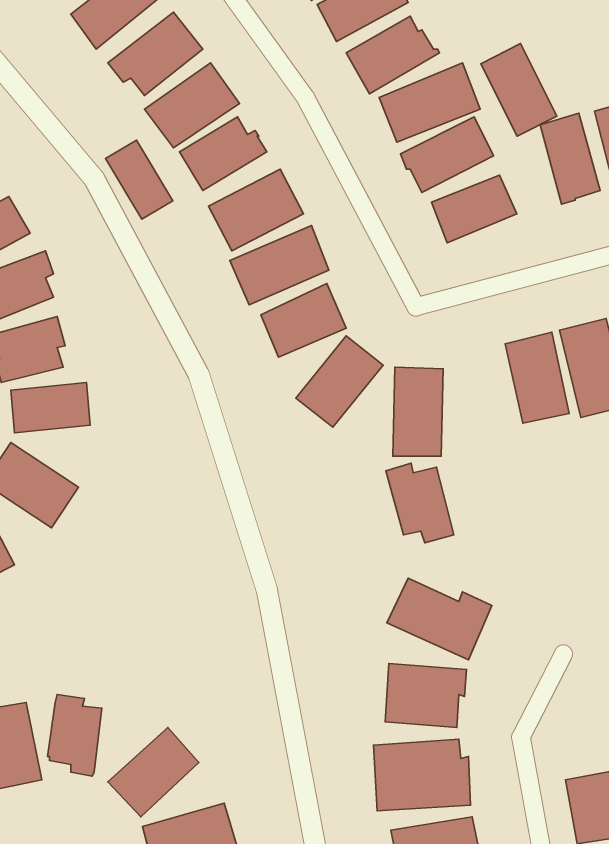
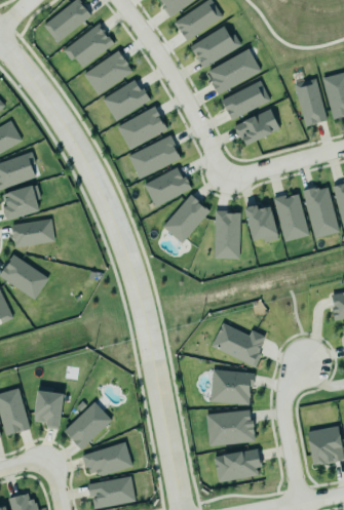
building: [481,44,557,136] -> none
building: [105,140,173,219] -> none
building: [386,463,454,543] -> [243,200,279,242]

